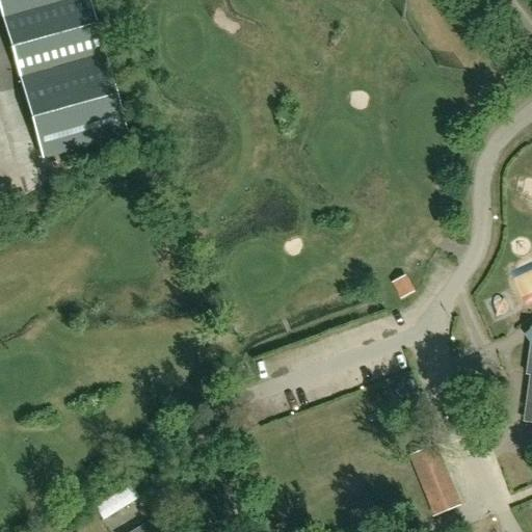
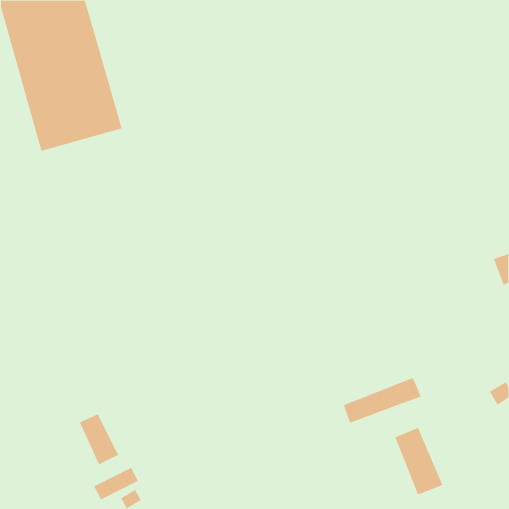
building: none -> [343,377,422,424]
building: none -> [79,413,119,465]

